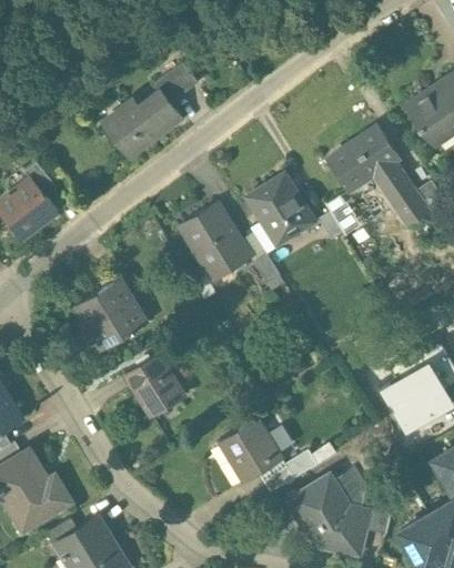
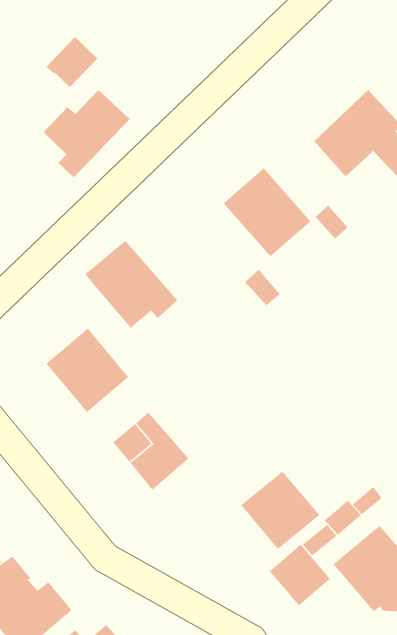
building: [155,61,199,102] -> [46,36,98,88]
building: [180,202,252,274] -> [84,240,178,329]
building: none -> [269,543,331,607]

